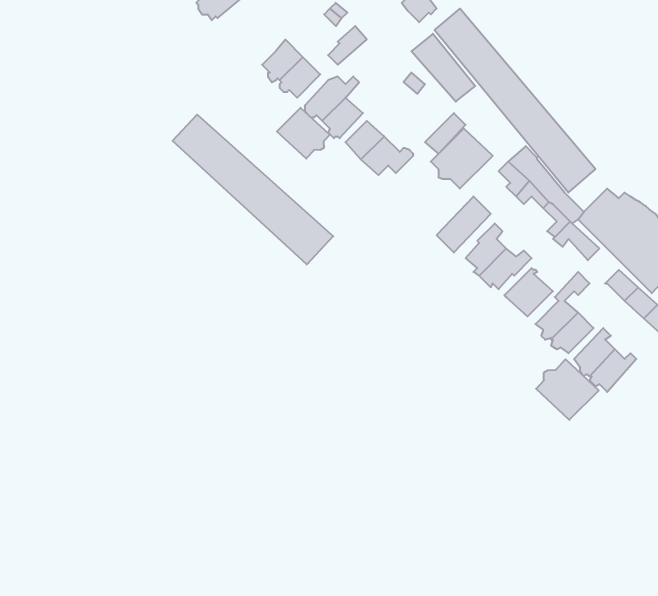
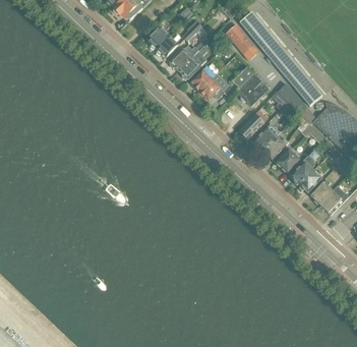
building: [277,108,330,159] -> none
building: [173,115,333,265] -> none
building: [536,359,599,420] -> none

